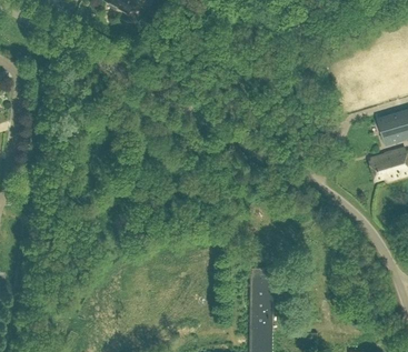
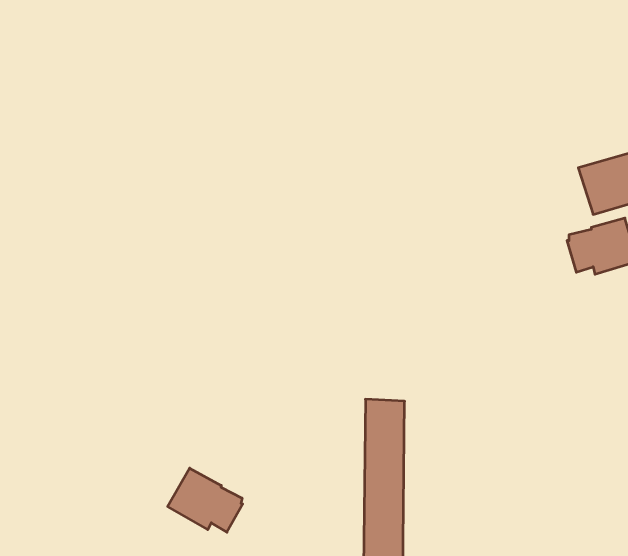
building: none -> [168,468,243,532]

